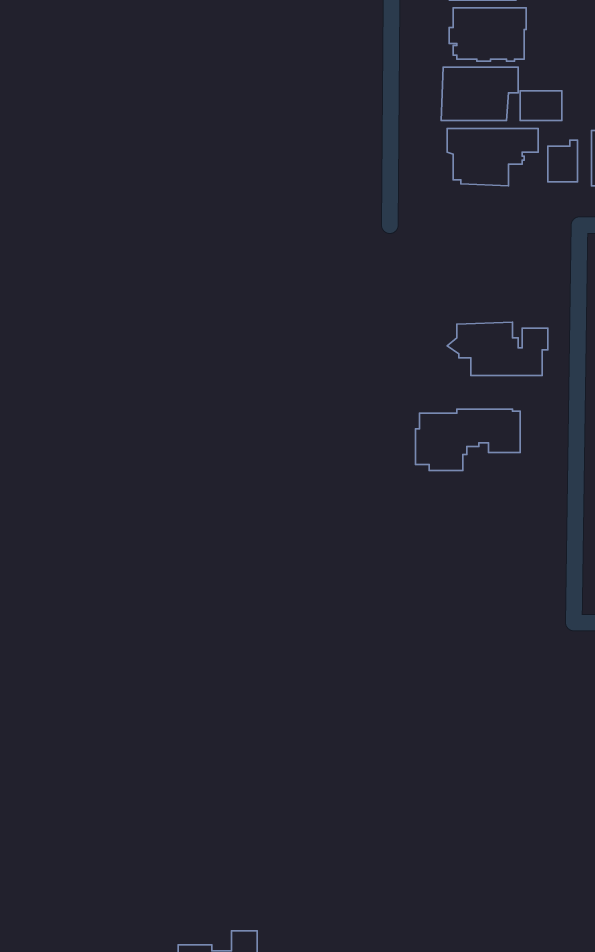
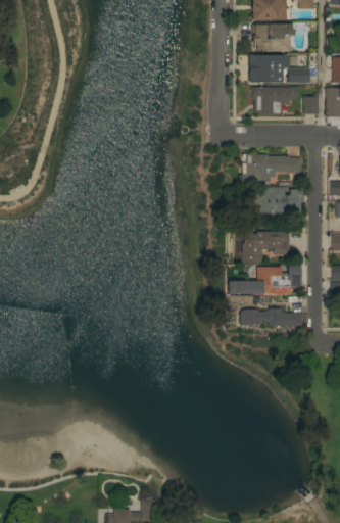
building: none -> [242,154,301,184]
building: none -> [228,267,302,294]
building: none -> [239,308,302,326]

